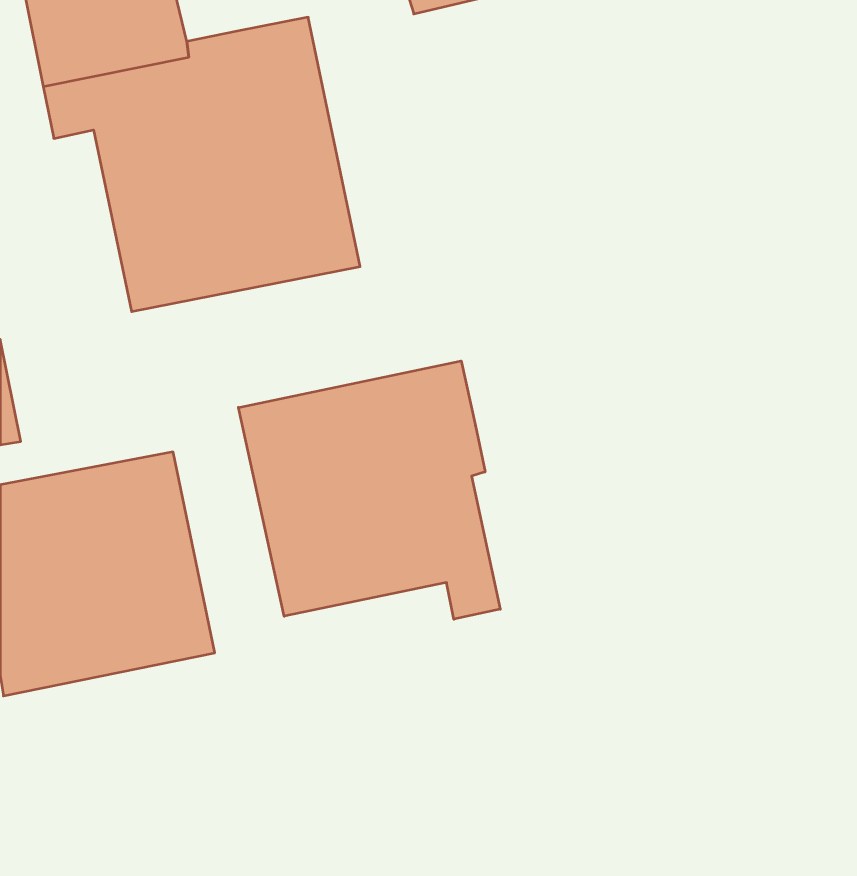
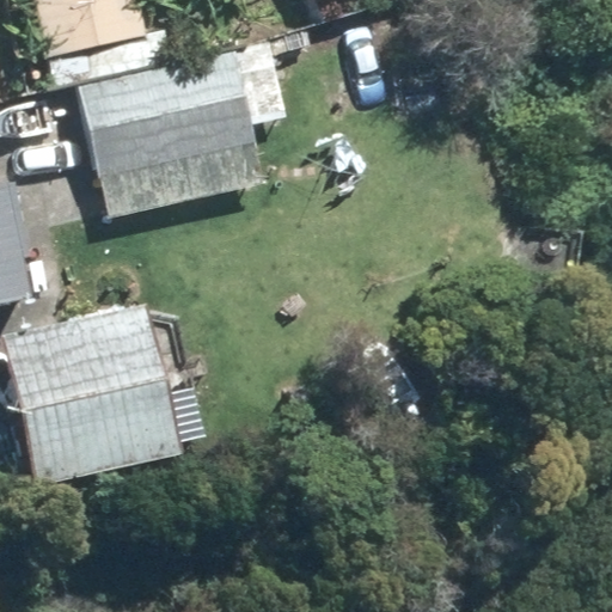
building: [238,361,500,619] -> none

